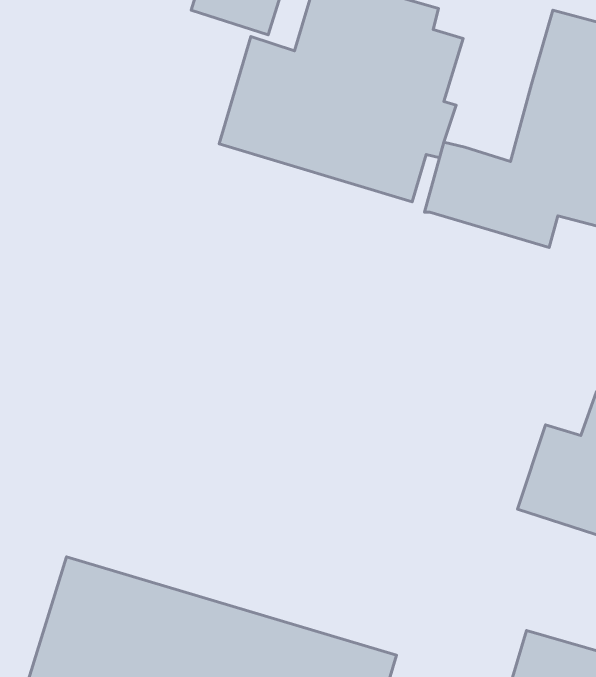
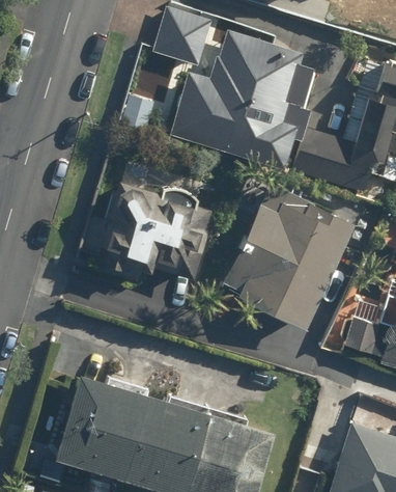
building: none -> [90,180,216,282]
building: none -> [220,180,355,329]

